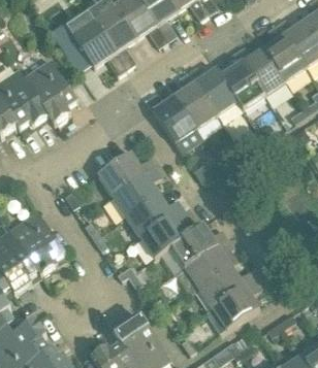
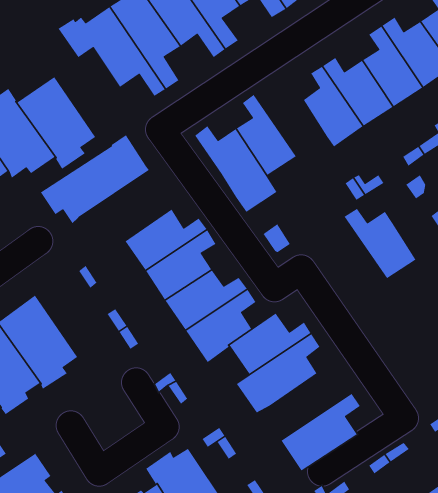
building: [187,65,237,114] -> [344,208,416,279]
building: none -> [39,134,150,224]
building: [198,265,255,307] -> none

